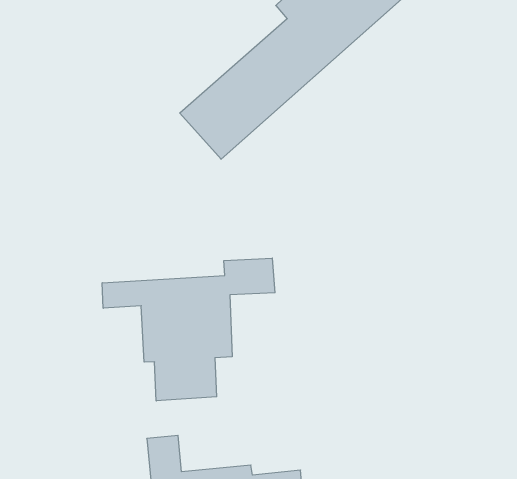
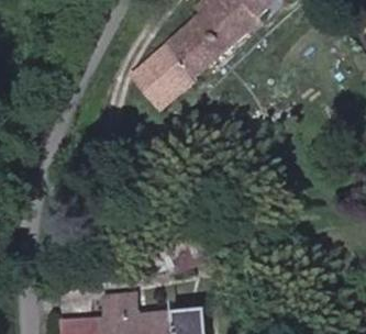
building: [102,258,275,401] -> none

